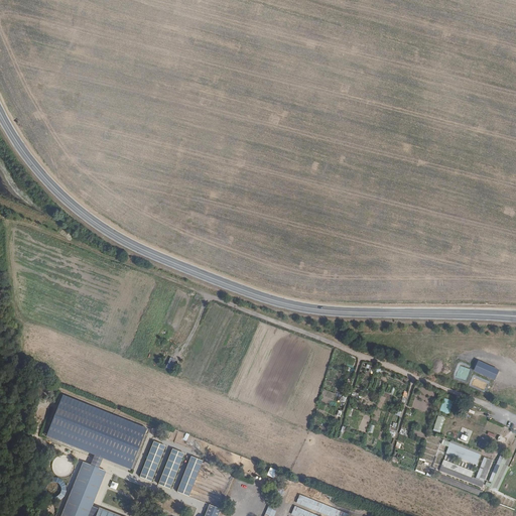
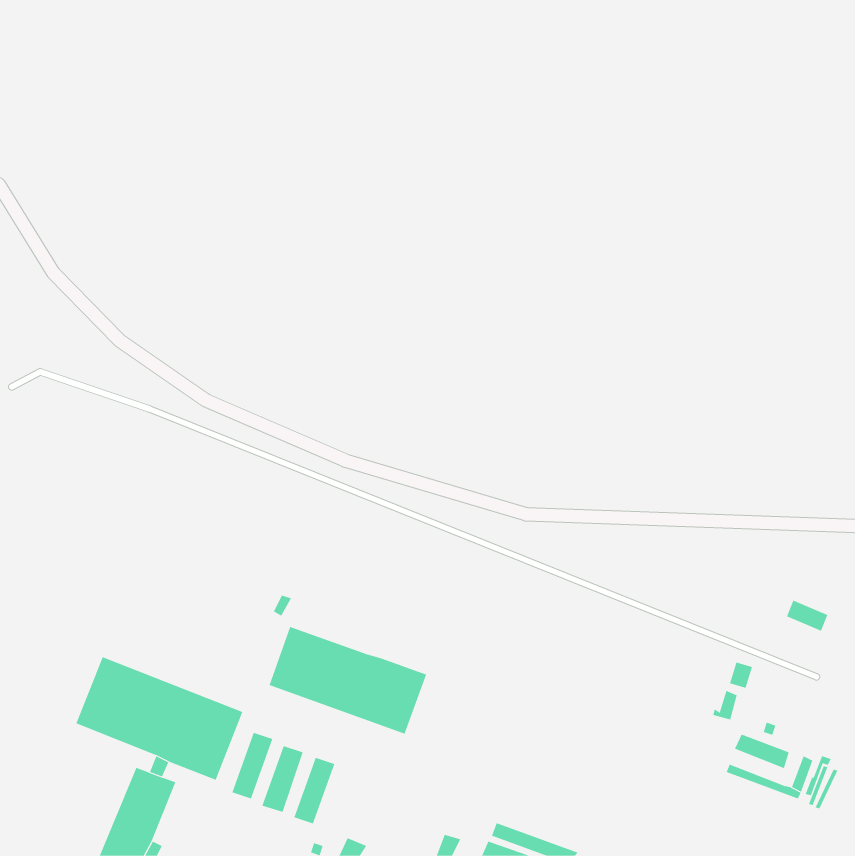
building: none -> [269,626,427,735]

